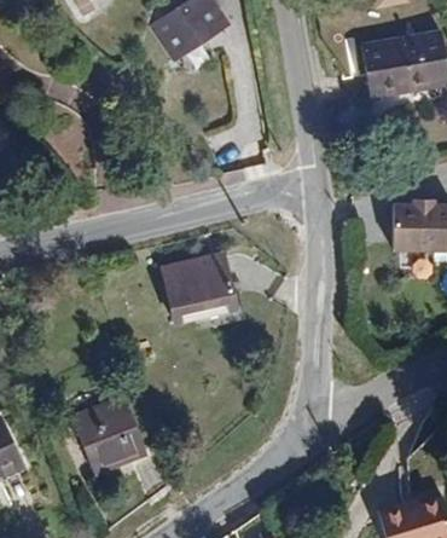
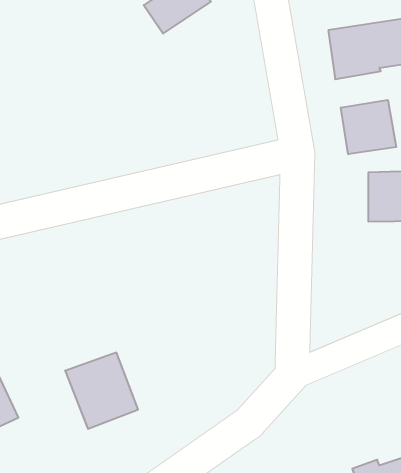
building: none -> [341,100,396,154]
building: [164,251,237,320] -> none

